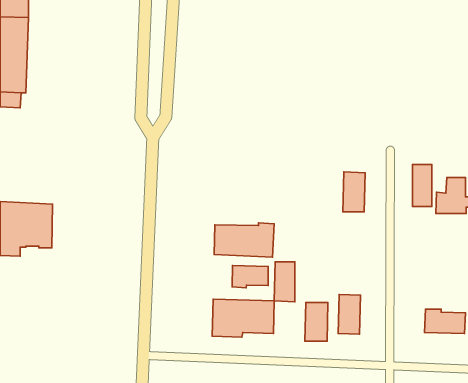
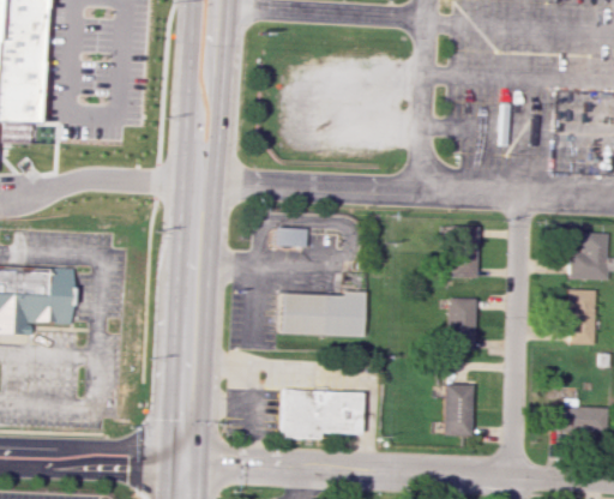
building: [412,165,432,206] -> [571,290,596,344]
building: none -> [273,232,305,250]
building: [274,262,295,302] -> [450,299,476,350]
building: [232,265,268,288] -> none
building: [305,302,328,341] -> none

